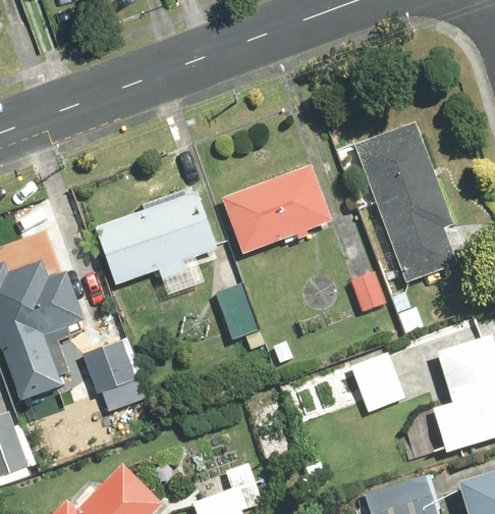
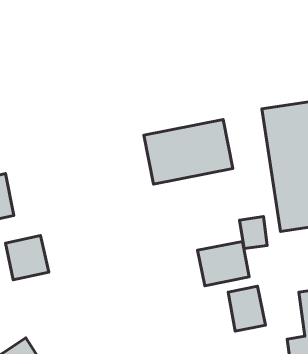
building: [96,183,225,288] -> none
building: [214,284,257,340] -> none
building: none -> [198,242,249,286]

